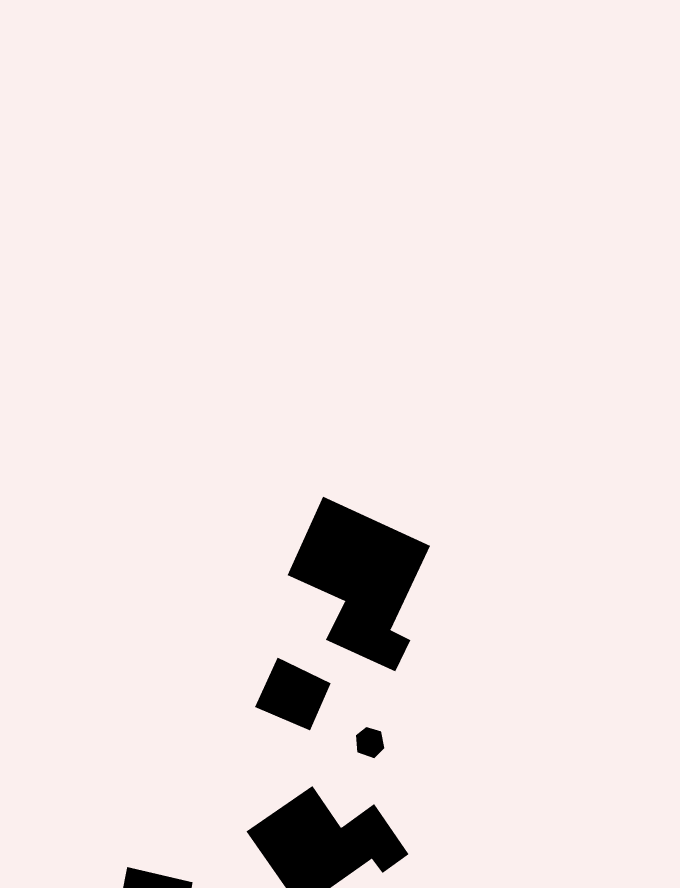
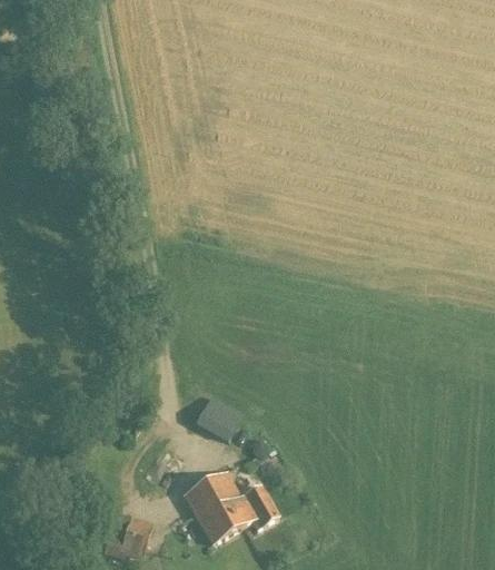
building: [287,496,431,672] -> none

